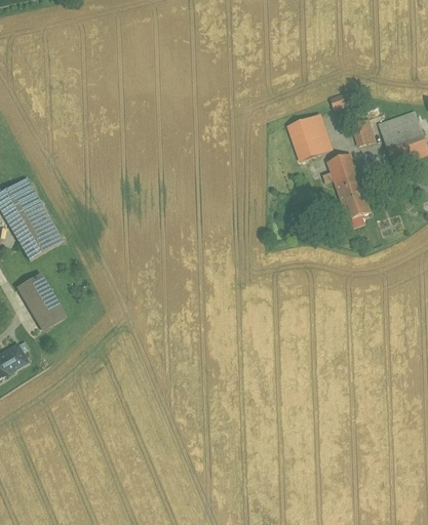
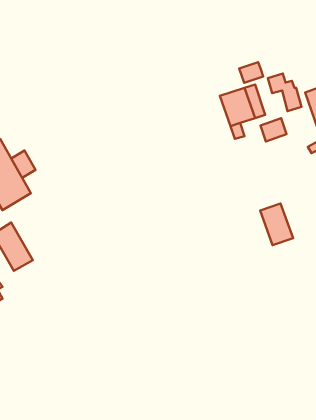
building: none -> [239,62,263,83]
building: [334,172,372,220] -> [260,203,293,245]
building: none -> [11,151,36,178]

